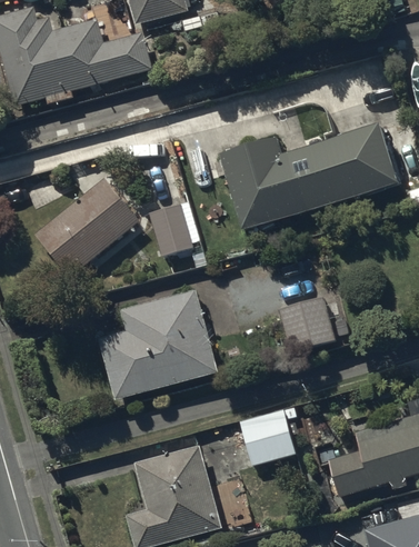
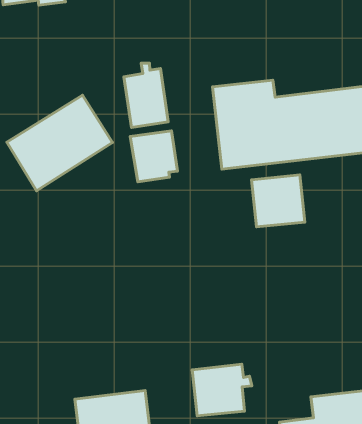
building: none -> [124,63,168,127]
building: [99,291,216,399] -> none
building: [280,297,336,351] -> [252,175,305,227]

